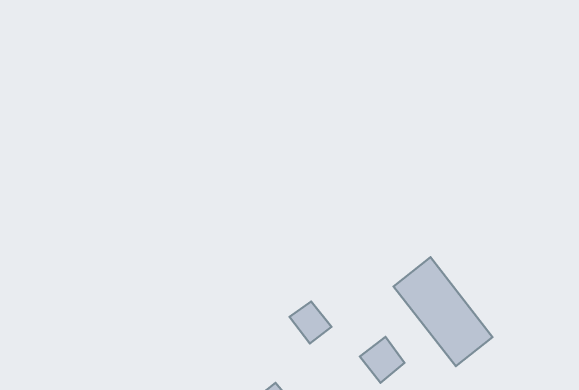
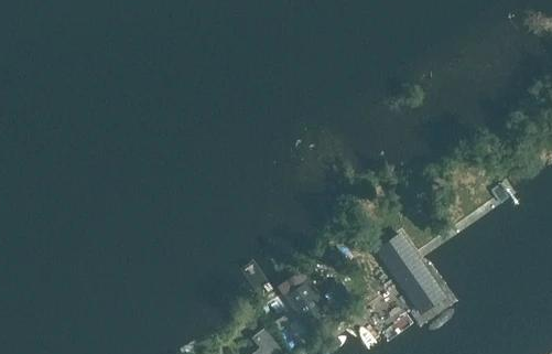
building: [360,337,405,383] -> none

